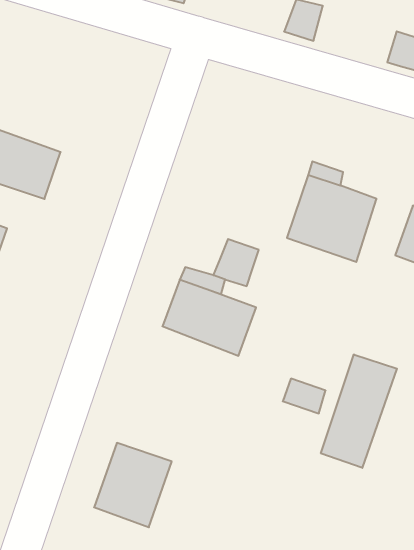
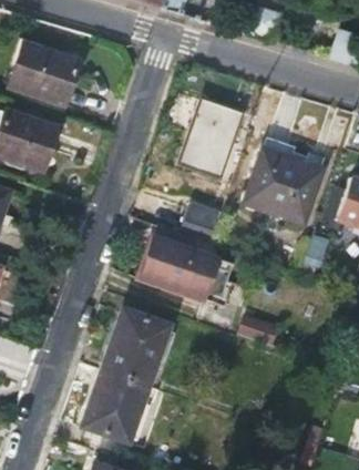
building: none -> [22,51,84,105]
building: none -> [182,99,242,175]
building: [321,354,397,468] -> none
building: none -> [104,311,170,388]

